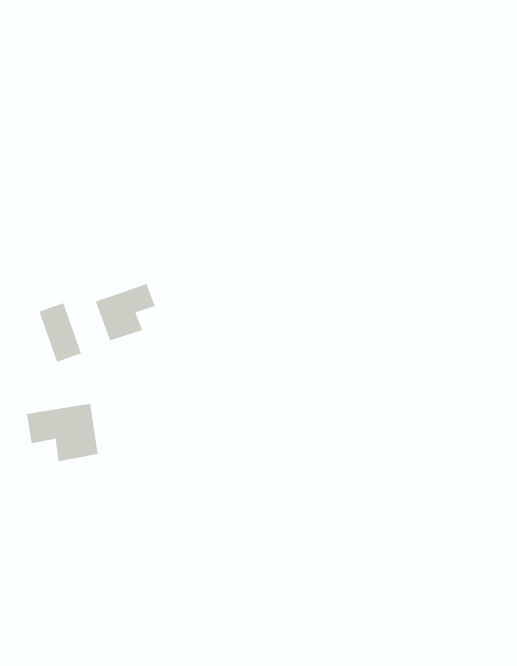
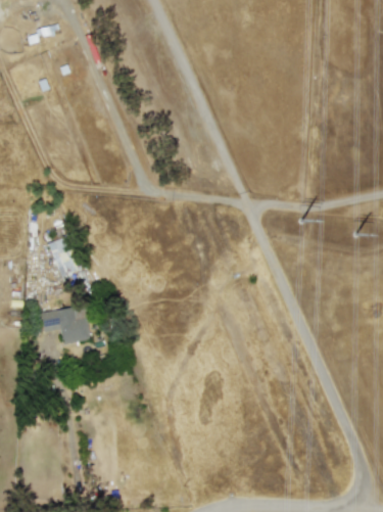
building: [95,283,156,341] -> none

